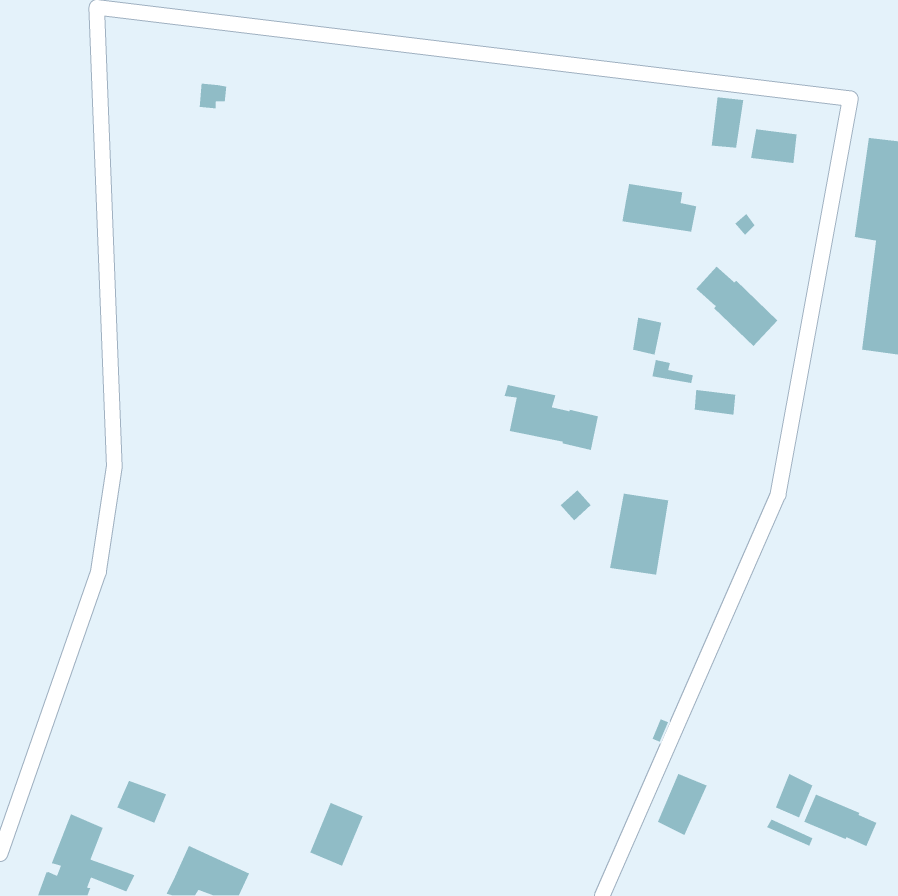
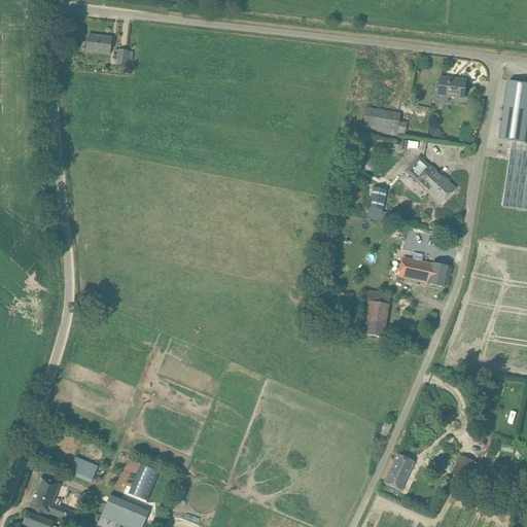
building: none -> [87,33,112,52]
building: [711,96,744,148] -> none
building: [504,384,599,451] -> [394,247,450,286]
building: [803,793,878,847] -> none
building: [309,802,364,867] -> [128,462,160,500]

